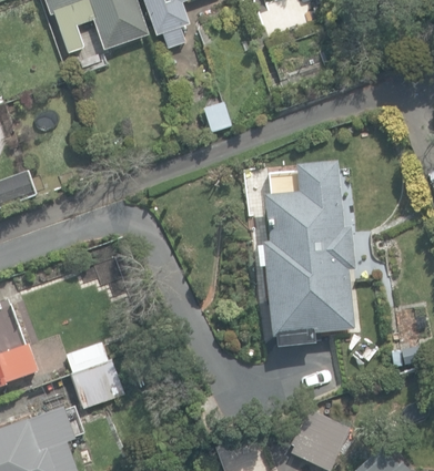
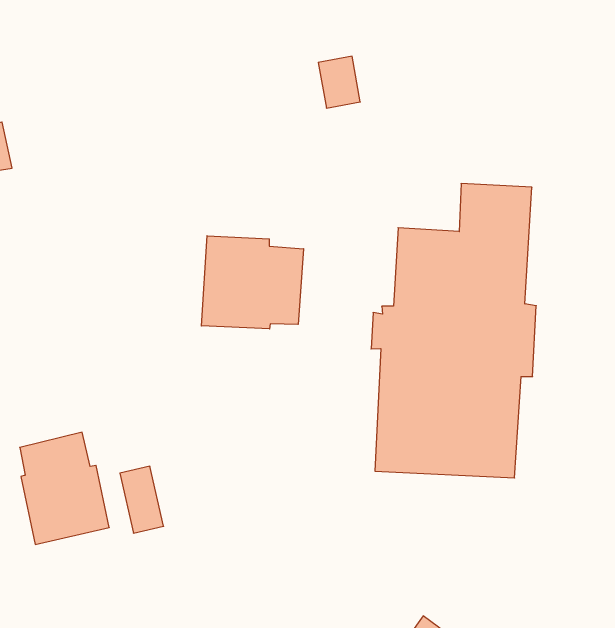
building: none -> [201,236,304,329]

